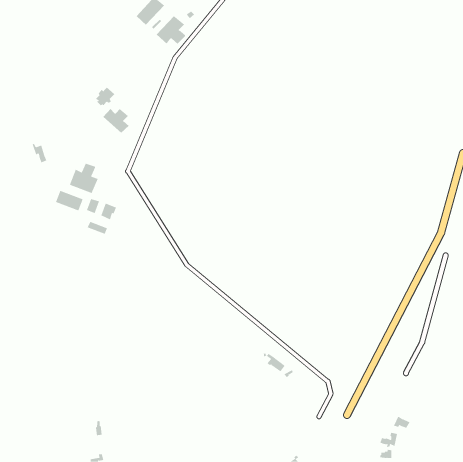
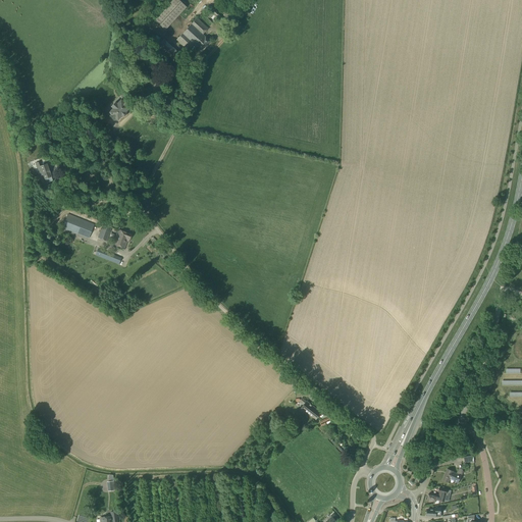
building: [102,108,129,134] -> none
building: [69,163,99,194] -> none

